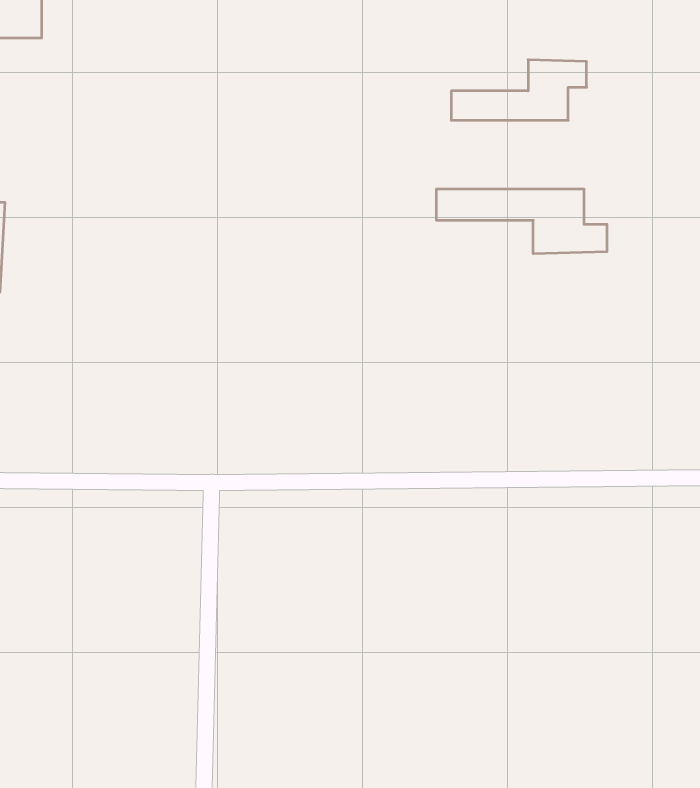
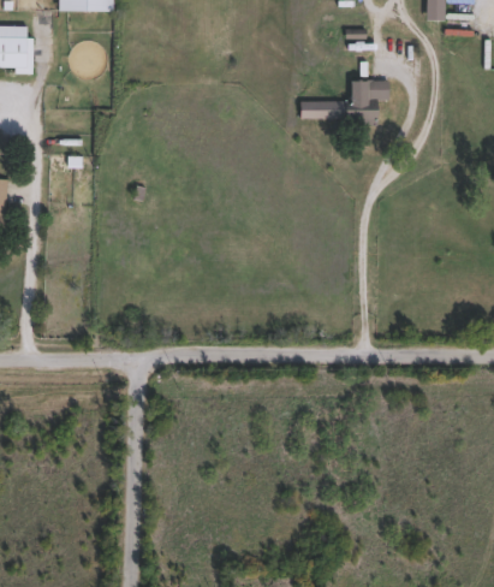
building: [437,189,607,254] -> none

